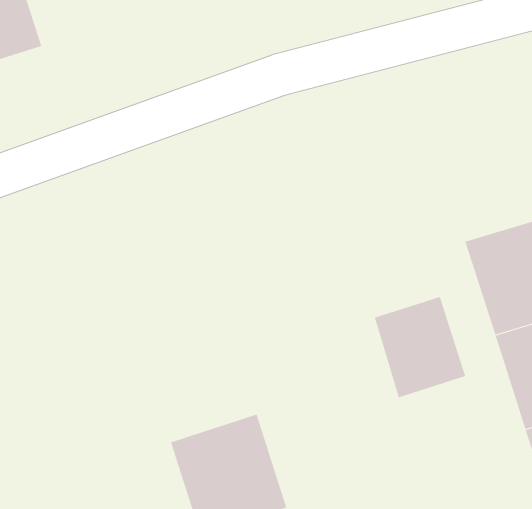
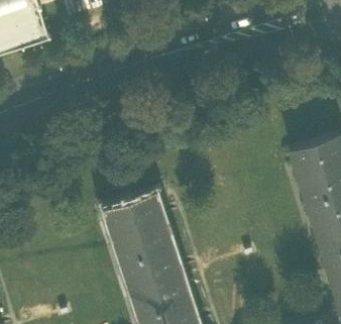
building: [374,296,466,398] -> none
building: none -> [105,196,172,264]

